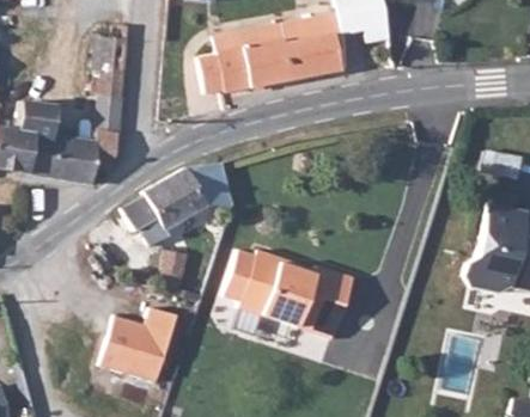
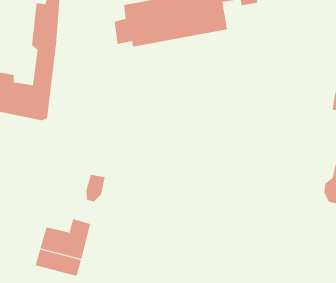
building: [117,162,234,245] -> none
building: [236,256,346,329] -> none

